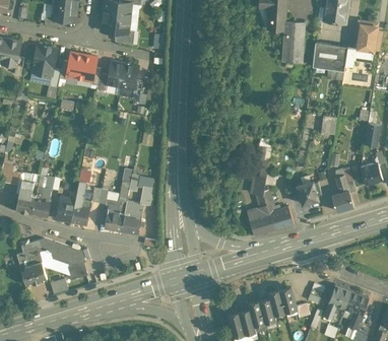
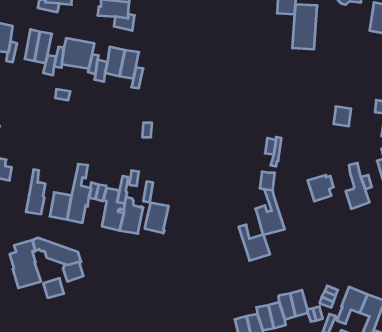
building: [312,43,347,71] -> none
building: [15,174,40,215] -> none
building: [264,198,294,231] -> [239,225,270,261]
building: none -> [145,203,168,233]

